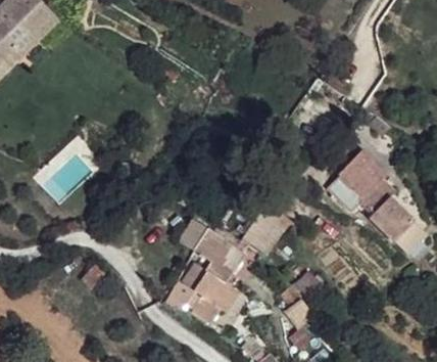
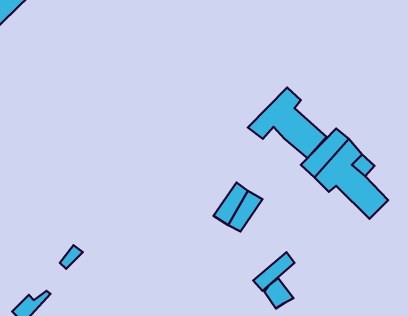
building: none -> [248,88,326,158]
building: [181,220,236,319] -> none

